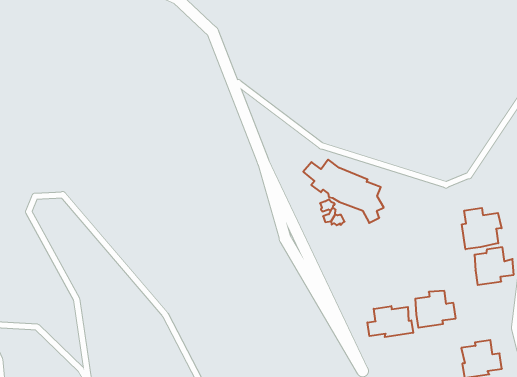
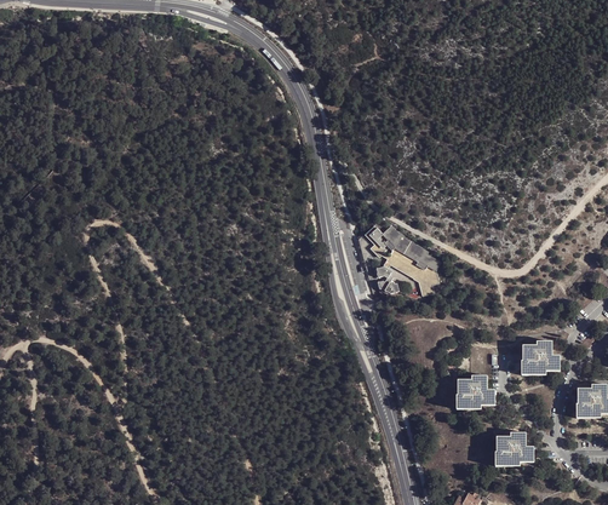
building: [462,208,502,249] -> none
building: [367,306,413,337] -> none

